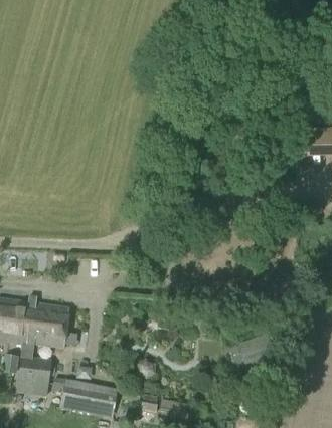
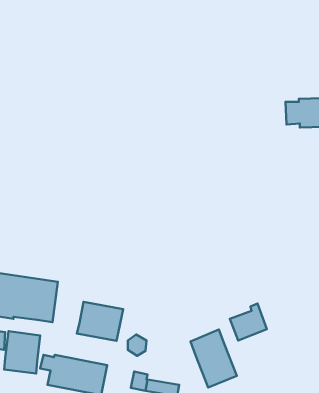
building: none -> [77,302,123,341]
building: none -> [190,330,237,388]

